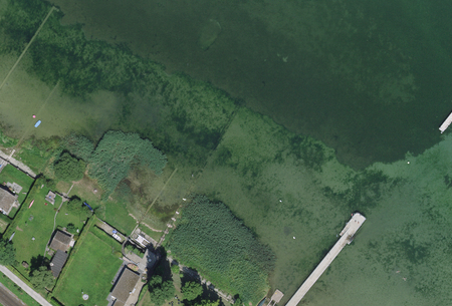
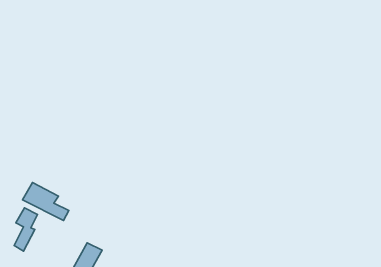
building: none -> [23,182,69,221]

